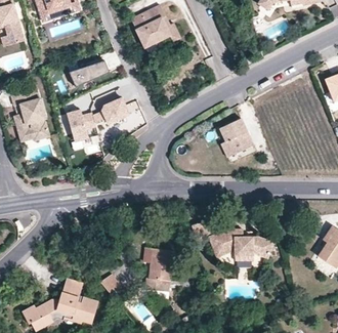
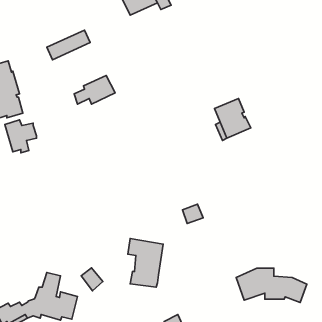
building: [69,113,97,142] -> [5,120,37,153]
building: [208,226,271,257] -> [236,268,307,302]

